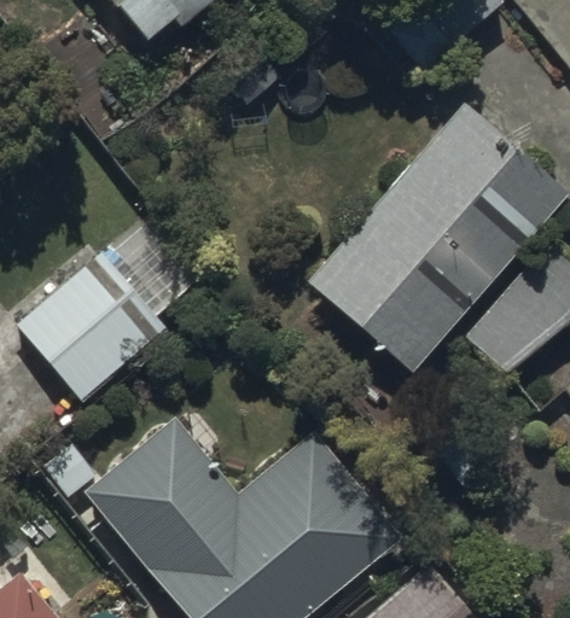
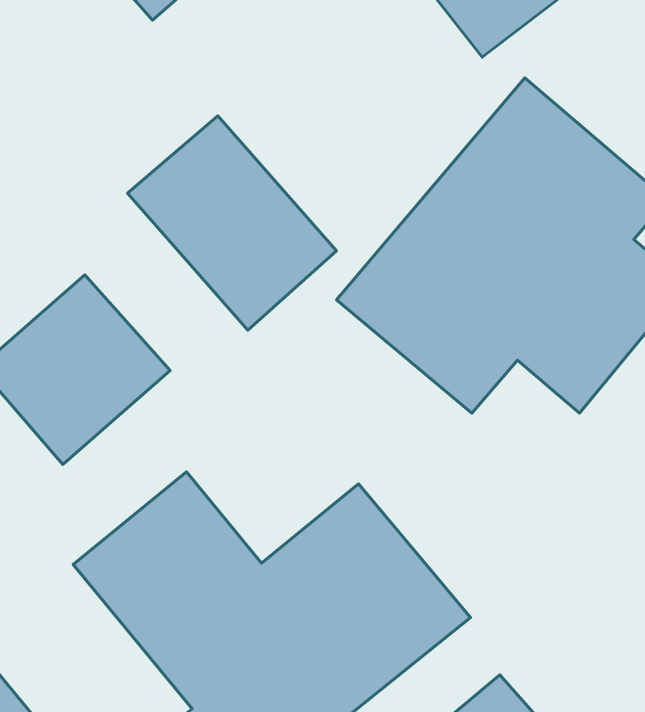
building: none -> [128,116,337,330]

